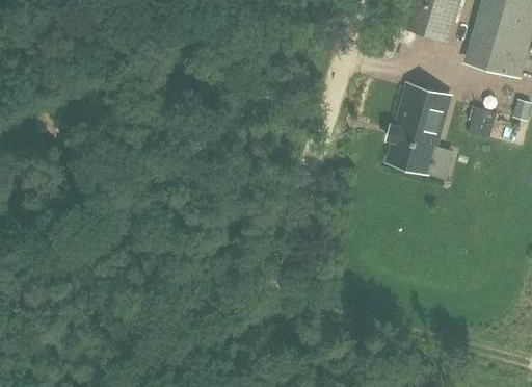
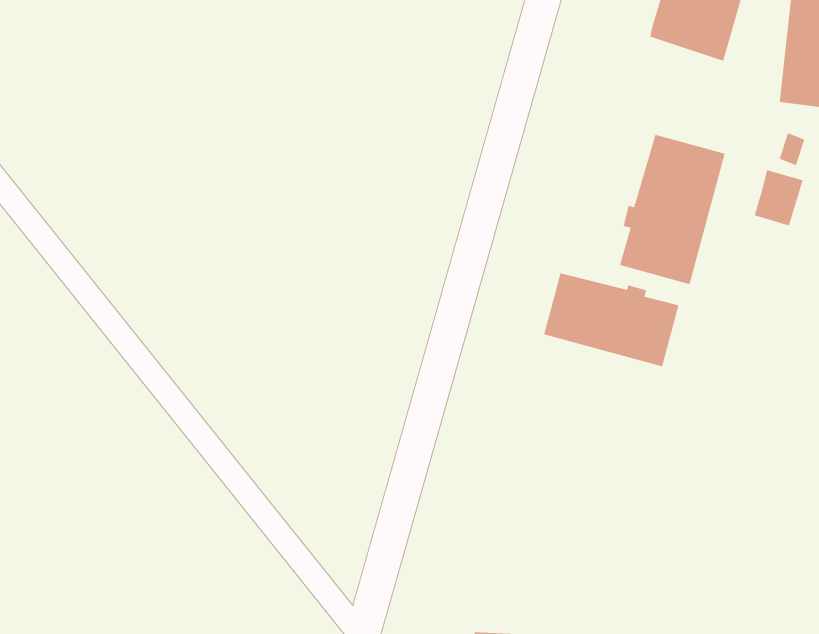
building: none -> [544,273,679,367]

